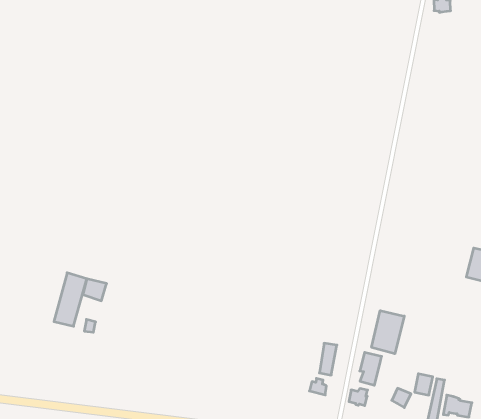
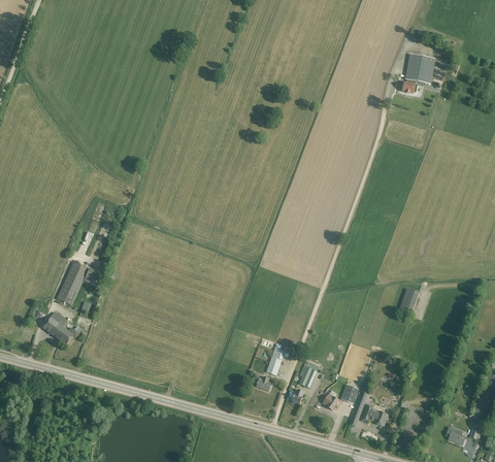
building: [372,311,404,354] -> none
building: none -> [41,311,80,344]

